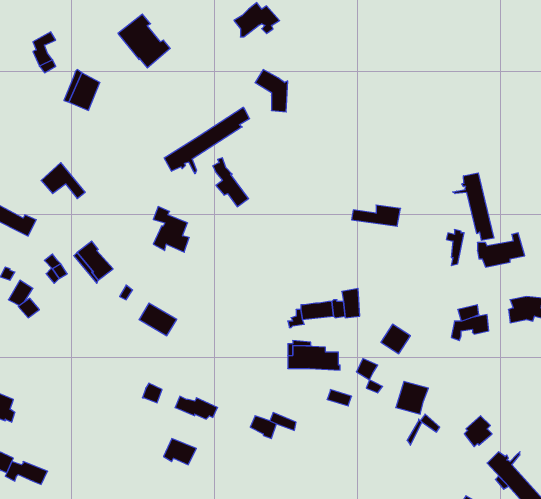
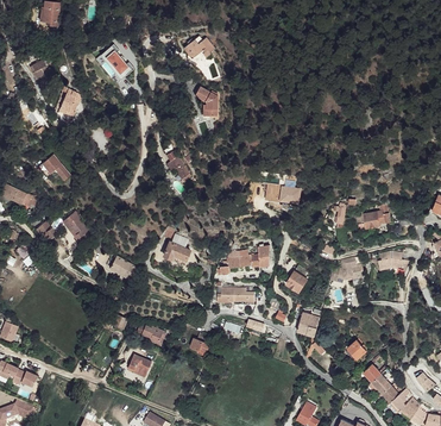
building: [164,107,250,174] -> none
building: [453,173,494,240] -> none
building: [153,207,189,252] -> [160,232,187,265]

